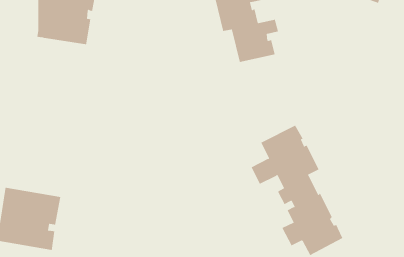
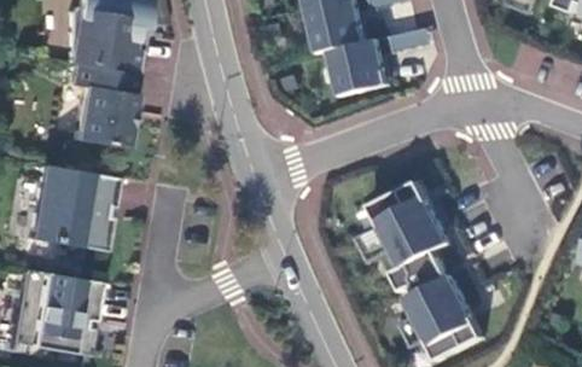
building: none -> [66,62,132,146]
building: none -> [24,163,115,250]

